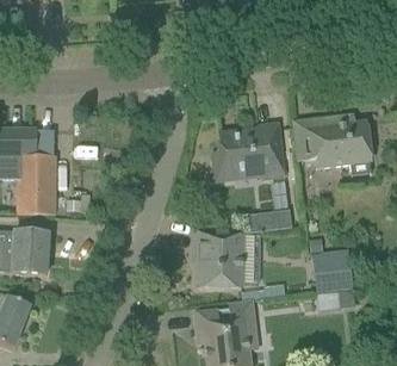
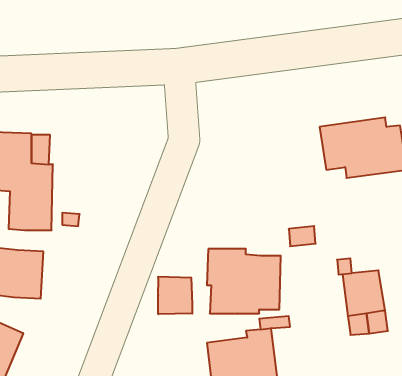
building: [212,123,283,180] -> none
building: none -> [158,277,192,314]

